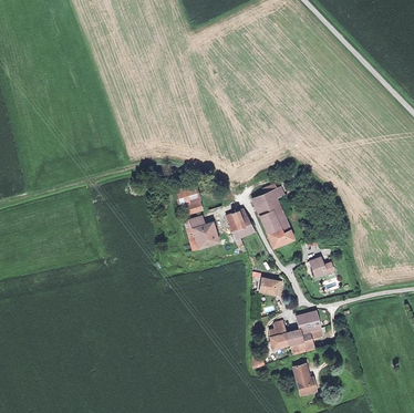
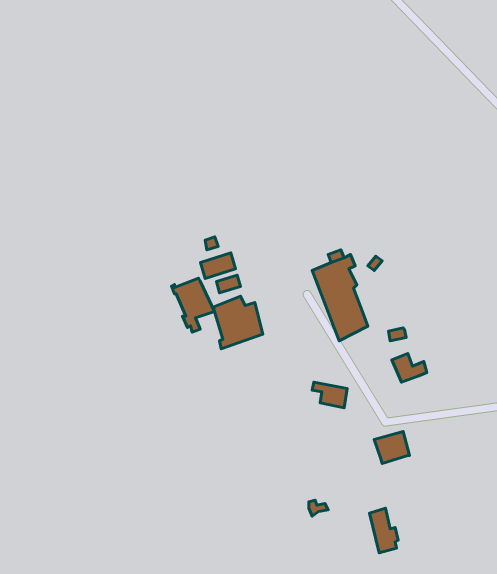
building: [224,208,253,246] -> [171,278,215,332]
building: [269,320,314,355] -> none

